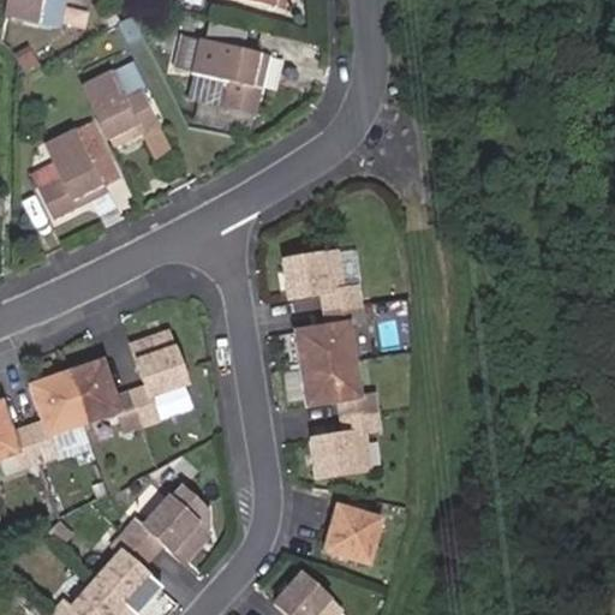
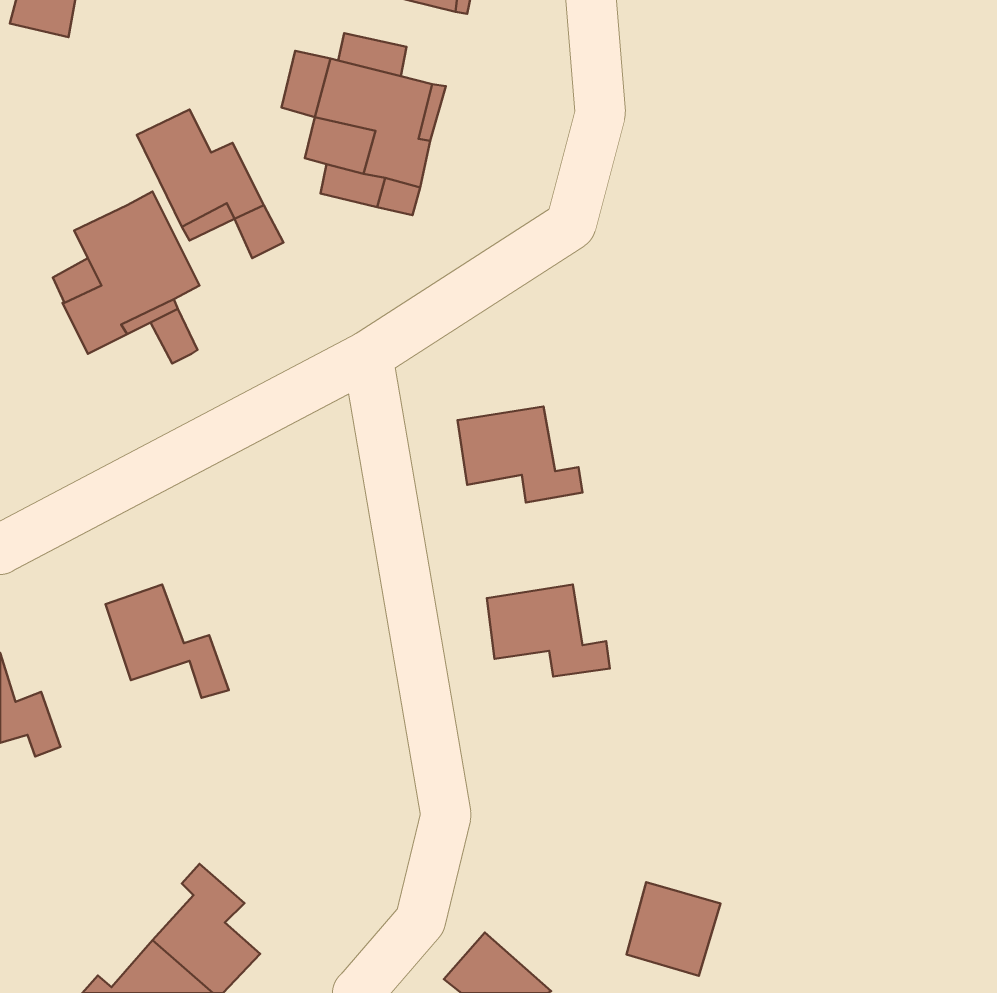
building: [294,303,362,368] -> none
building: [130,330,186,424] -> none
building: [26,371,82,459] -> none
building: [310,411,378,477] -> none
building: [124,496,209,561] -> none
building: [323,504,381,562] -> [627,882,720,976]

